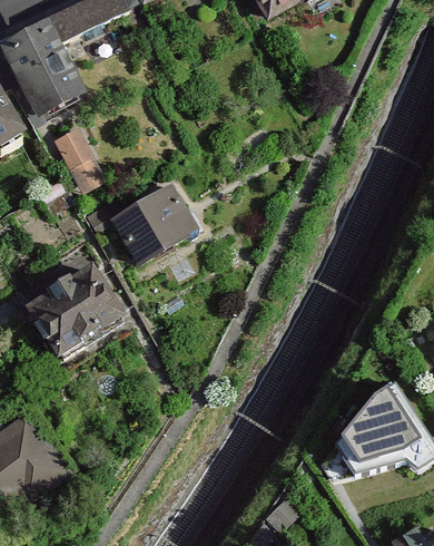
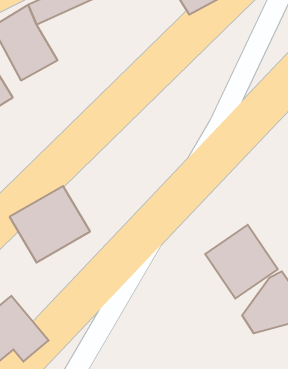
building: [47,127,108,198] -> none
building: [108,181,201,270] -> none
building: none -> [205,225,278,299]

